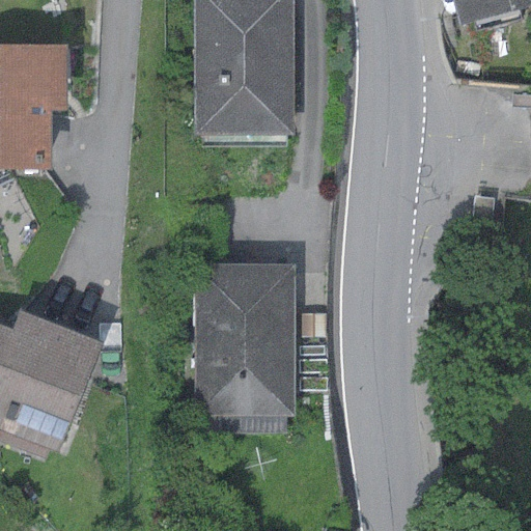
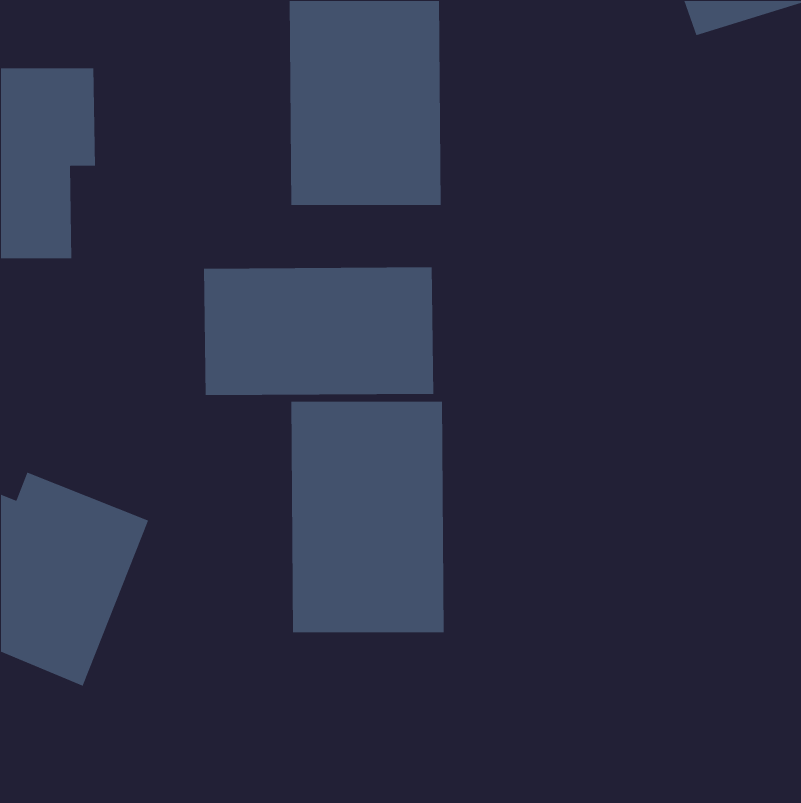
building: none -> [203,267,434,396]

